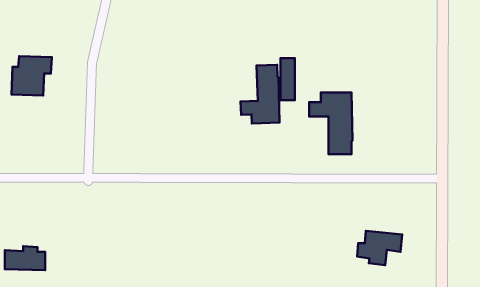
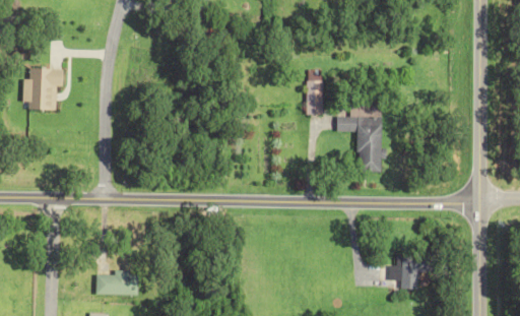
building: [240,65,279,124] -> none
building: [5,246,45,270] -> [95,270,138,296]

